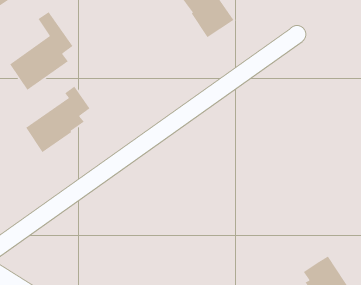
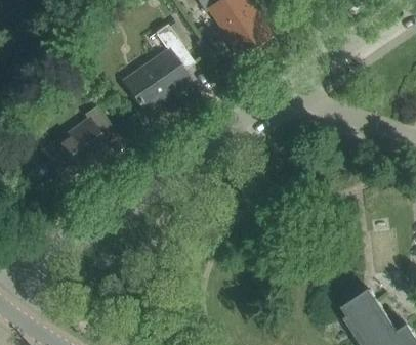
building: [9,11,74,91] -> [123,26,193,112]

